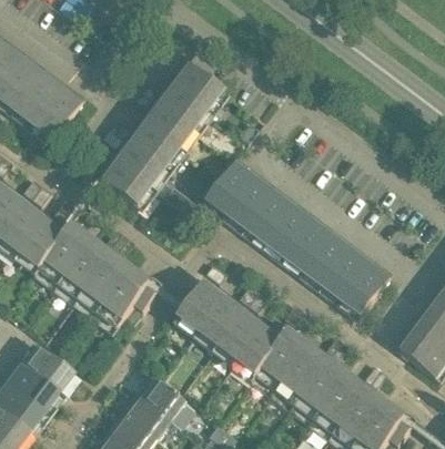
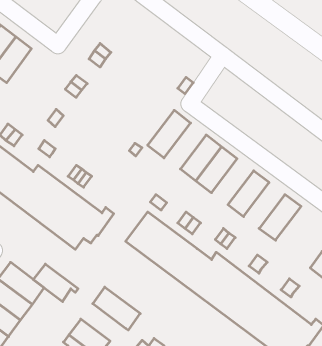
building: [102,49,224,205] -> none
building: [31,82,82,139] -> none
building: [222,172,273,227] -> none
building: [280,215,331,271] -> none
building: [318,244,368,299] -> none
building: [121,390,175,436] -> [33,264,78,302]

